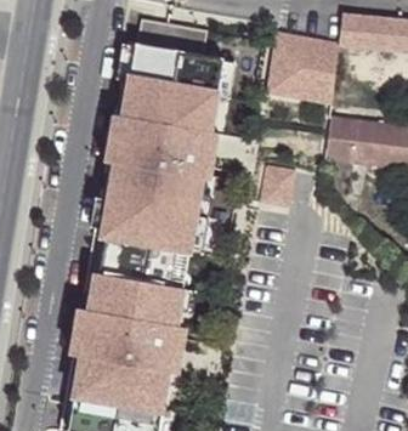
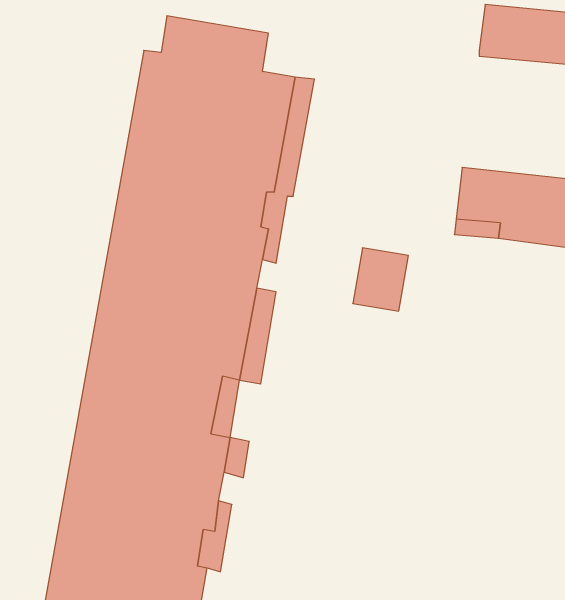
building: [268,34,341,104] -> none

